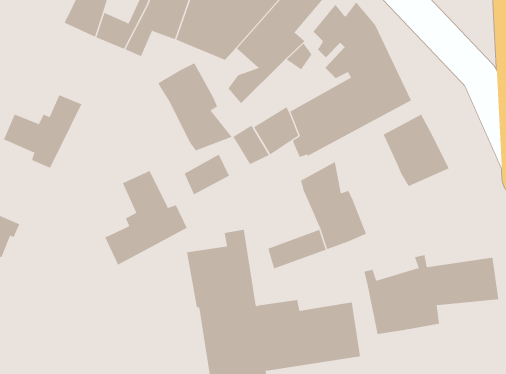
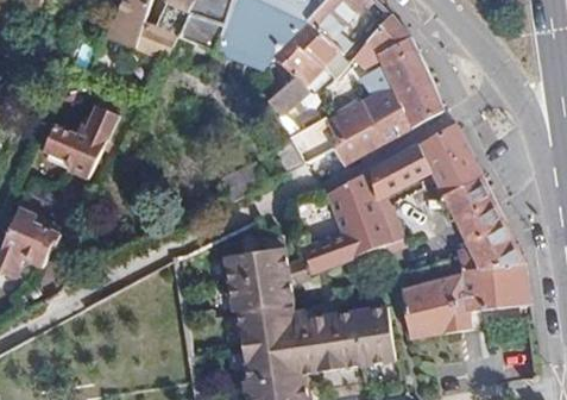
building: [158,62,233,151] -> none
building: none -> [370,143,429,200]
building: none -> [440,176,524,273]
building: [105,170,188,265] -> none

